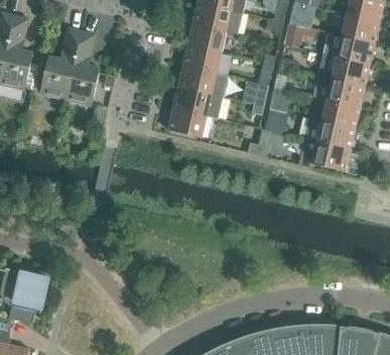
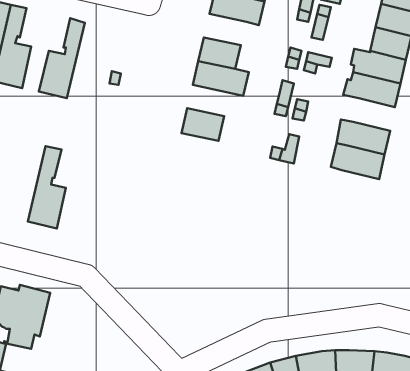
building: [187,23,226,51] -> none
building: [64,31,99,105] -> [28,146,66,228]
building: [172,87,223,118] -> none
building: [321,99,359,128] -> none

